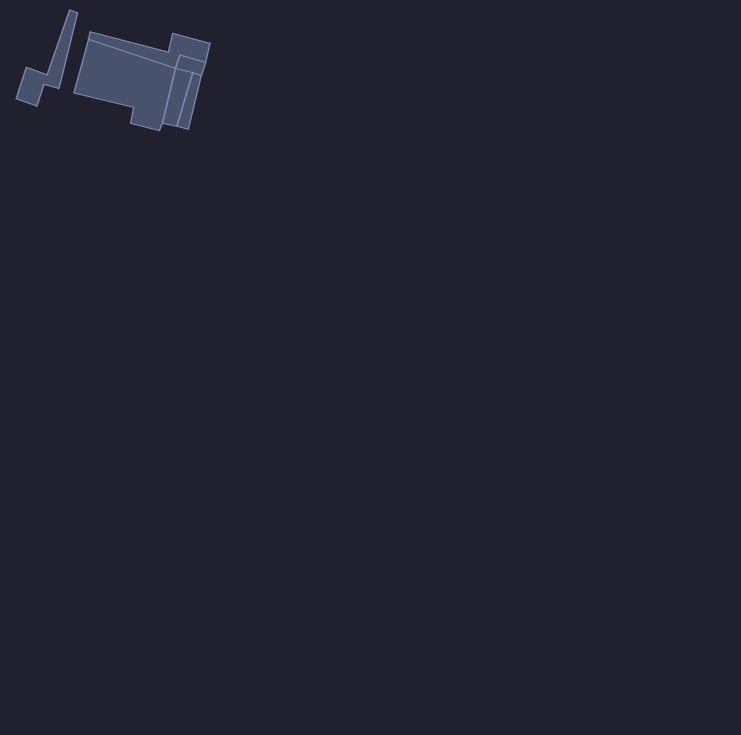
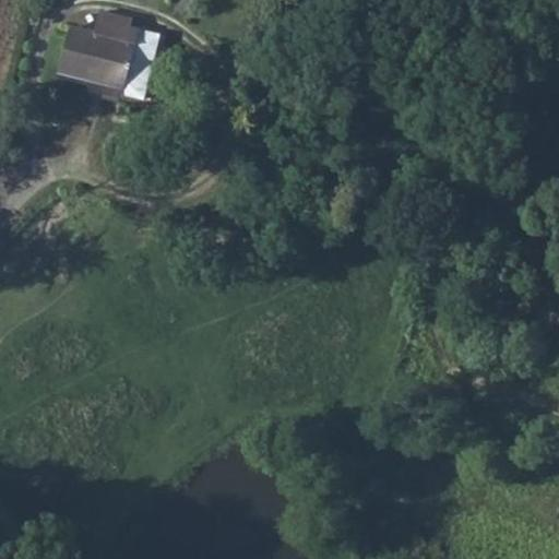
building: [16,10,78,106] -> none

